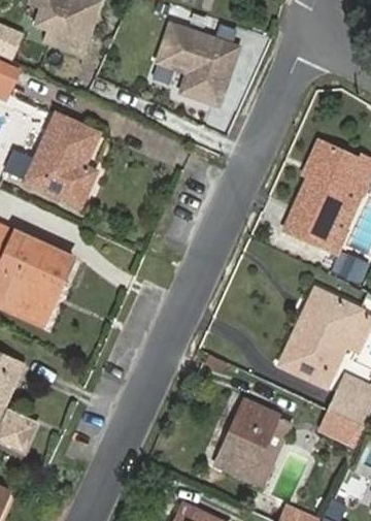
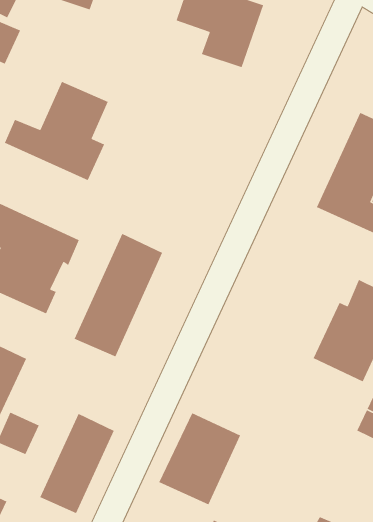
building: none -> [73,233,163,358]
building: [215,400,290,484] -> [158,412,241,505]
building: none -> [39,413,115,514]

